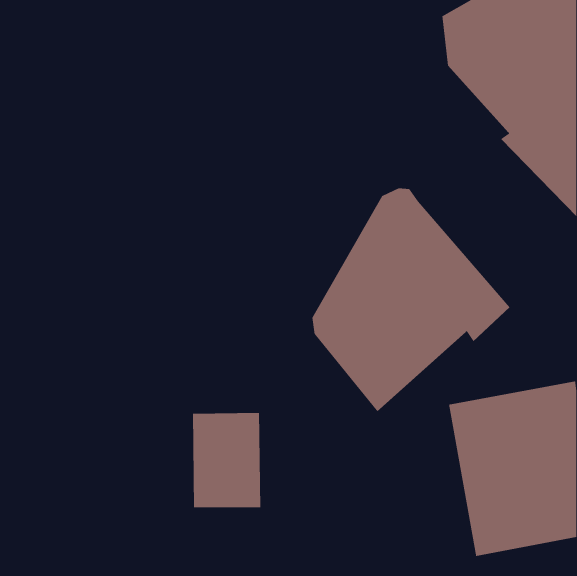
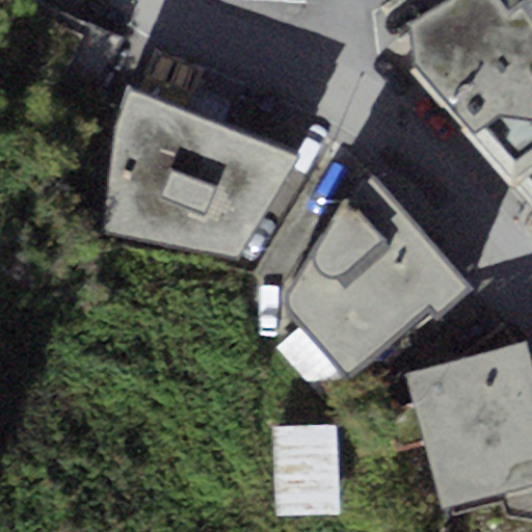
building: none -> [105,88,299,254]
building: [192,412,261,508] -> [275,427,339,515]

